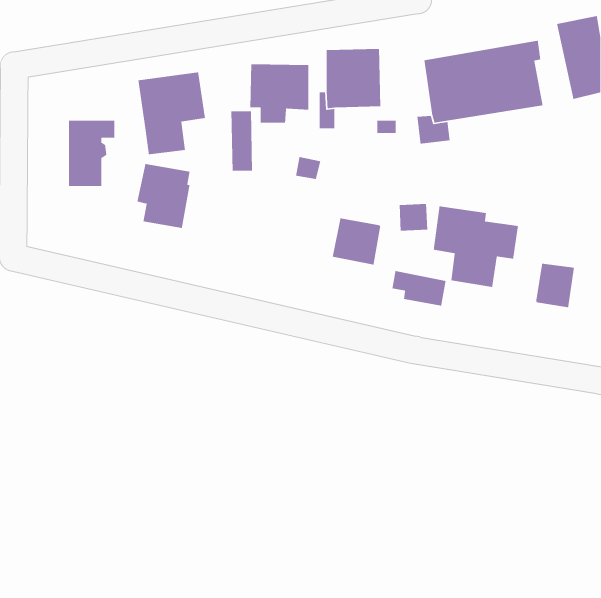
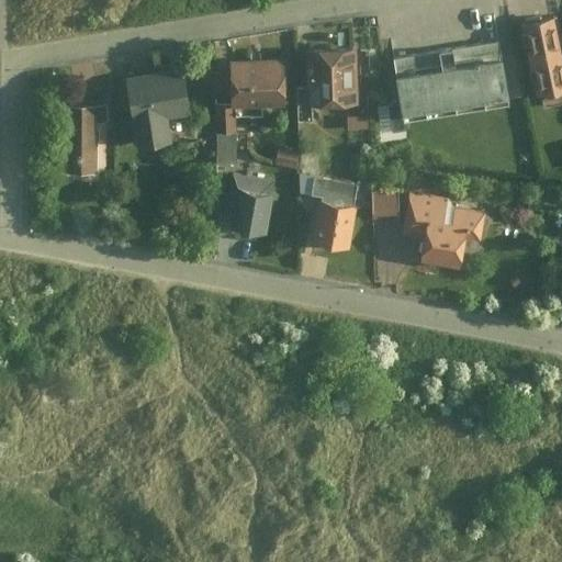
building: [136,163,191,229] -> [226,175,277,236]
building: [536,263,575,308] -> none
building: [391,270,447,307] -> [306,178,358,212]

